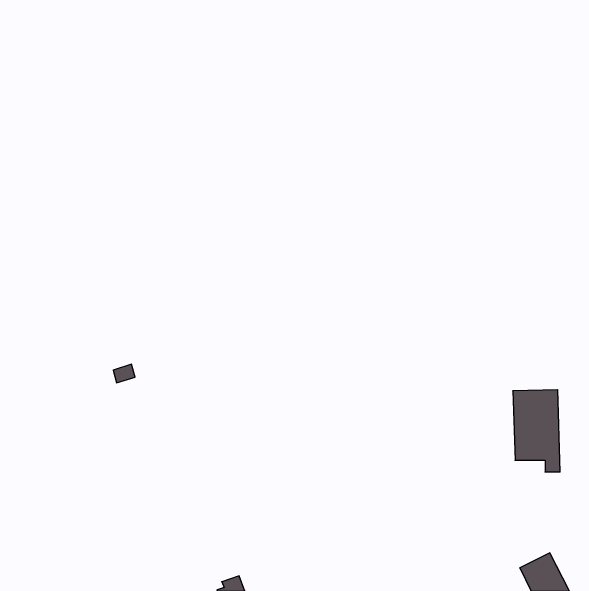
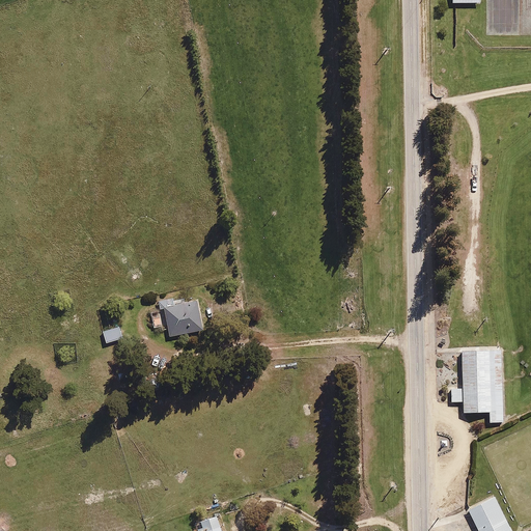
building: none -> [163,300,202,337]

